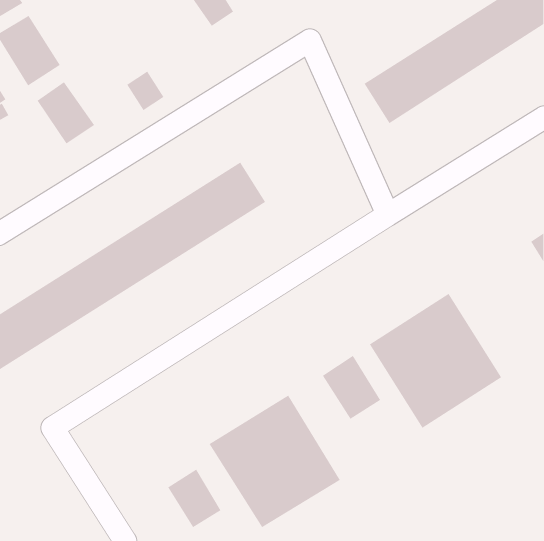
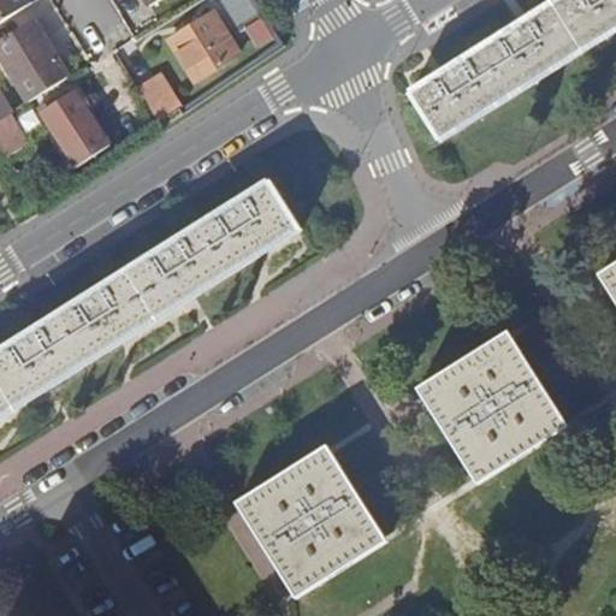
building: none -> [168,10,236,78]
building: [322,355,381,420] -> none
building: [167,469,221,528] -> none

